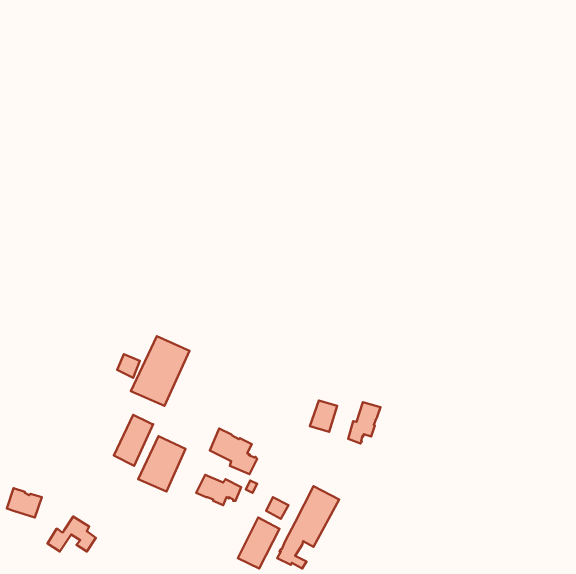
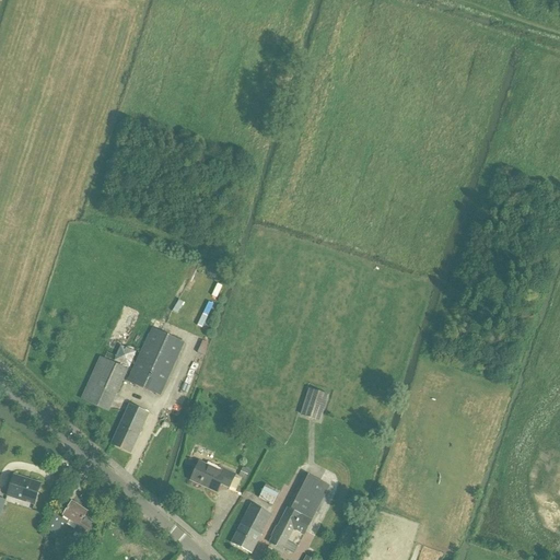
building: [348,402,380,443] -> none
building: [210,429,257,474] -> none
building: [138,436,186,492] -> [81,355,127,409]

